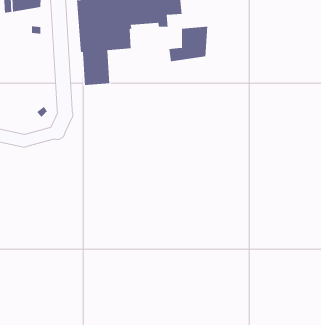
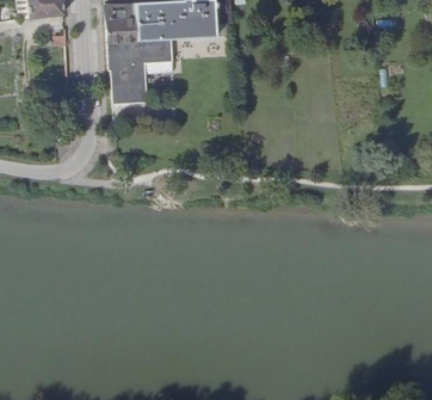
building: [169,26,208,62] -> none

